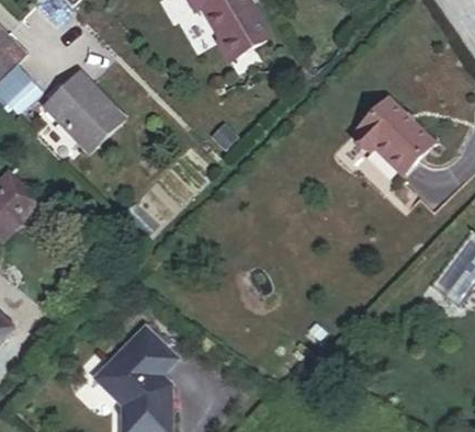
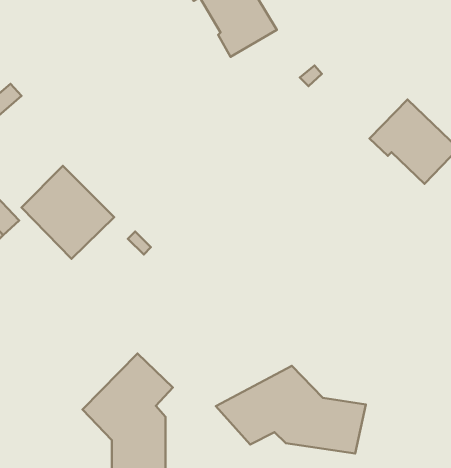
building: [43,71,126,155] -> [21,166,114,259]
building: none -> [216,366,366,453]

